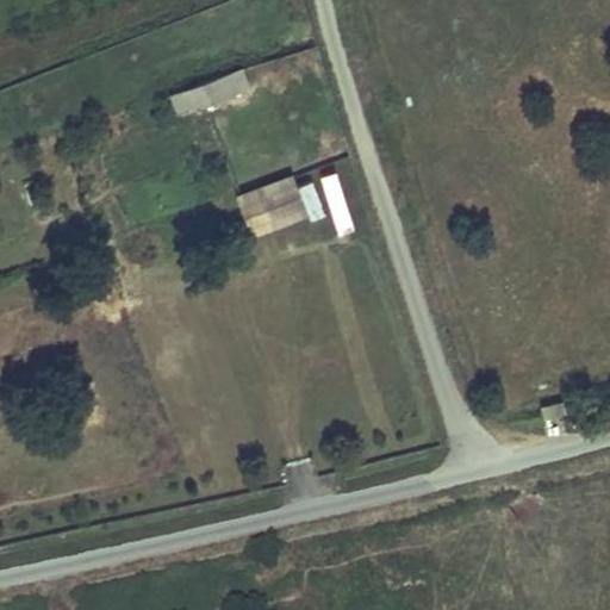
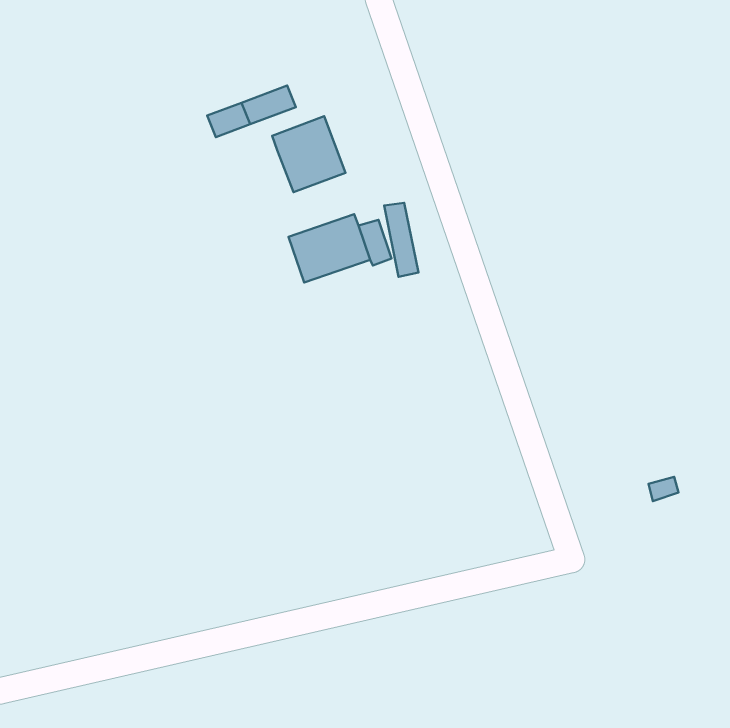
building: none -> [272,116,346,192]

